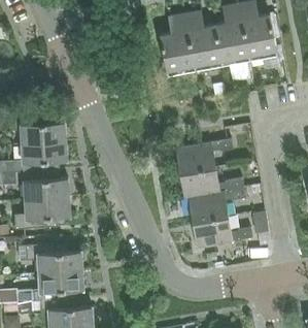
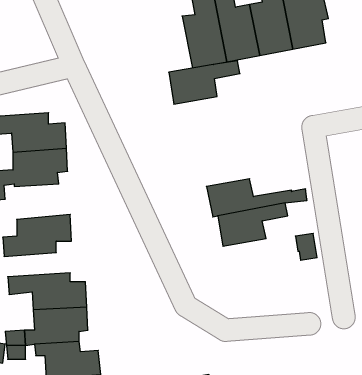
building: [175,138,233,173] -> [169,61,240,104]
building: [24,171,69,200] -> none
building: [193,216,251,248] -> none

